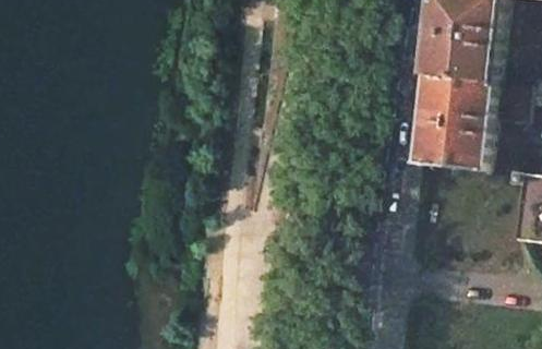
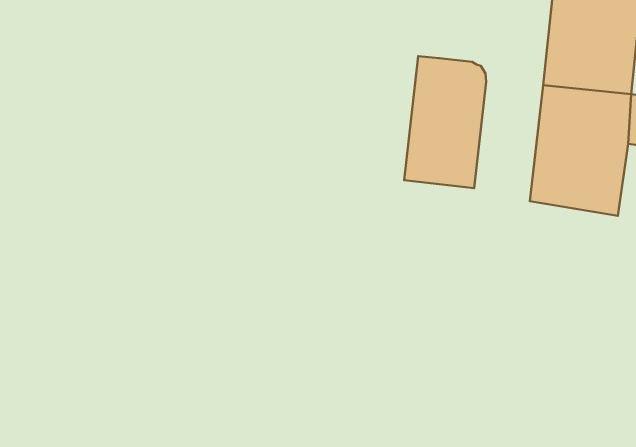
building: none -> [404,56,486,188]

